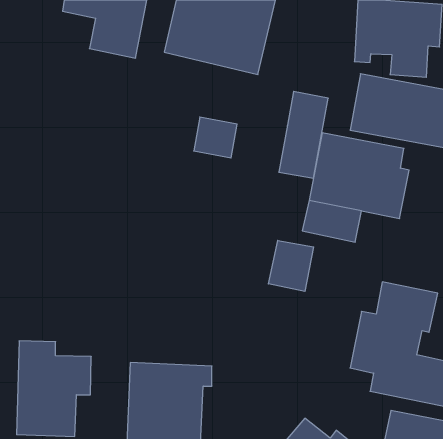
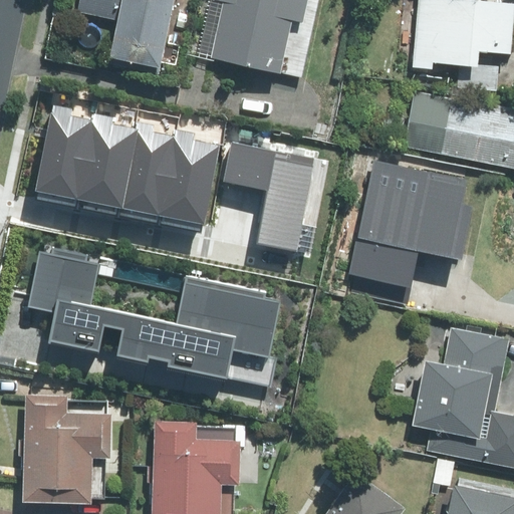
building: none -> [36,105,225,224]
building: [279,91,328,178] -> [258,149,315,249]
building: none -> [28,247,282,384]
building: [268,240,314,291] -> none

